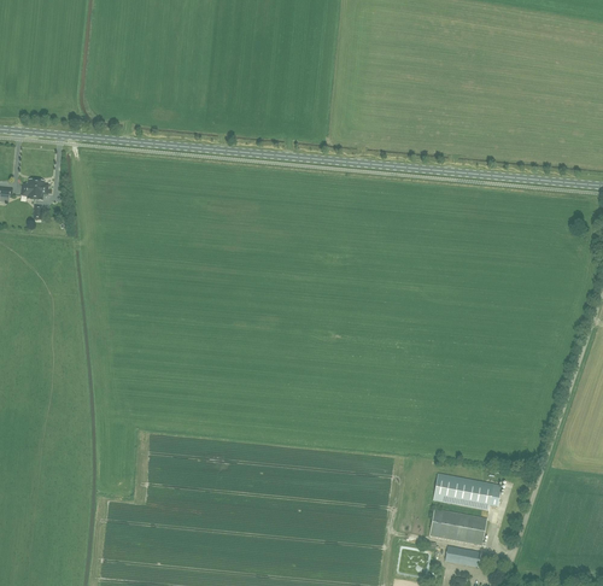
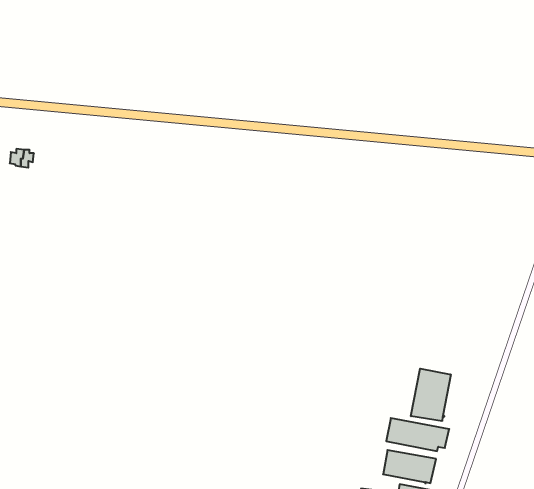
building: none -> [411,369,451,421]

